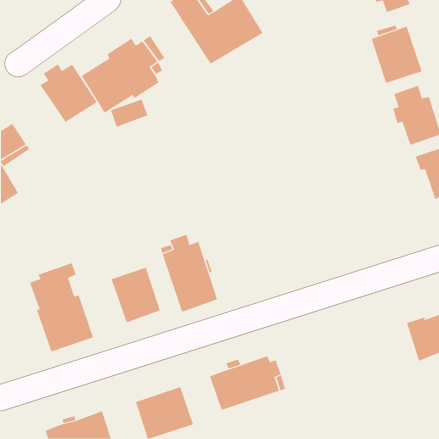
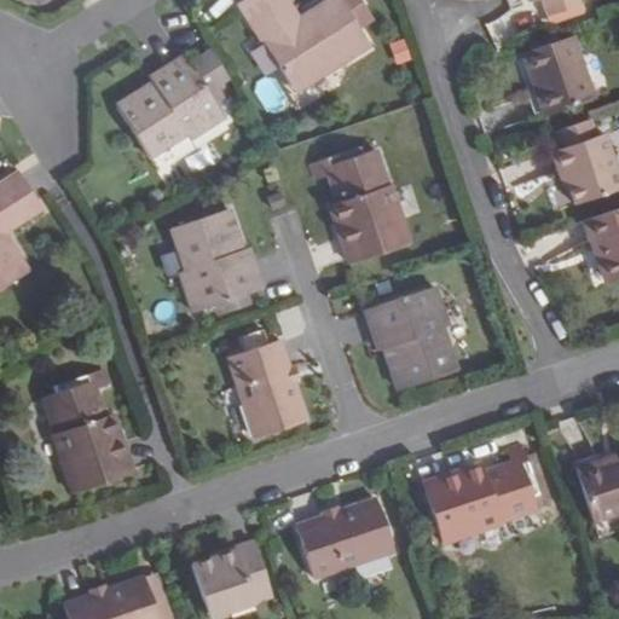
building: [40,64,97,123] -> none
building: none -> [312,146,411,264]
building: none -> [170,208,264,313]
building: none -> [365,285,457,391]
building: [111,267,161,323] -> none
building: none -> [422,445,539,544]

